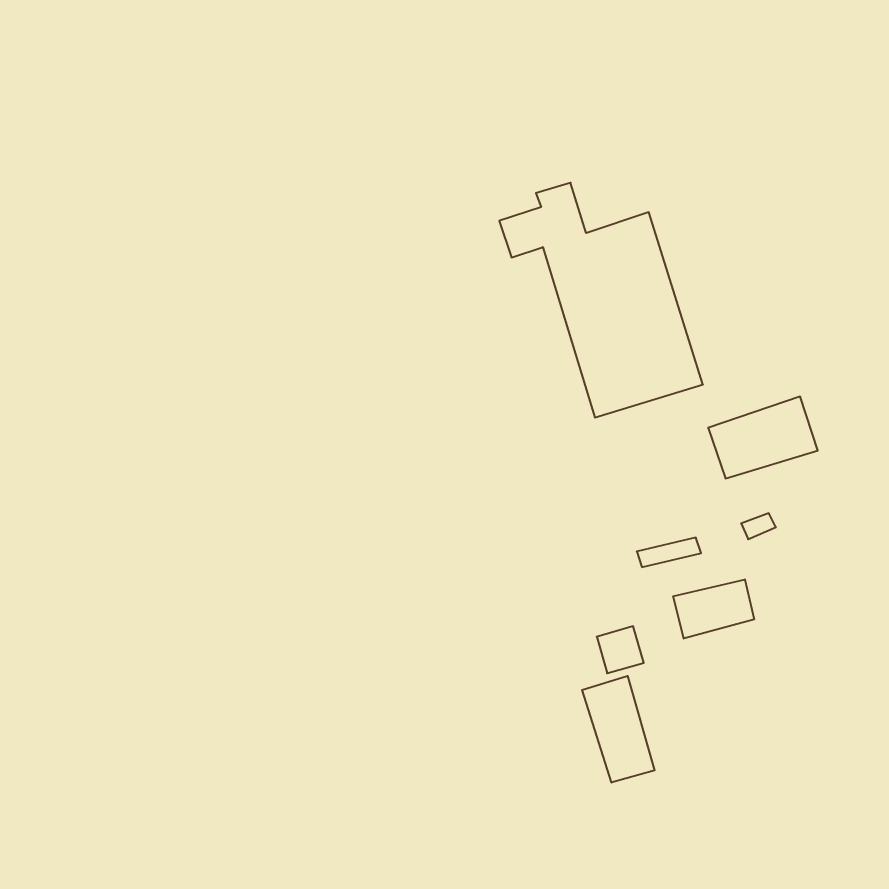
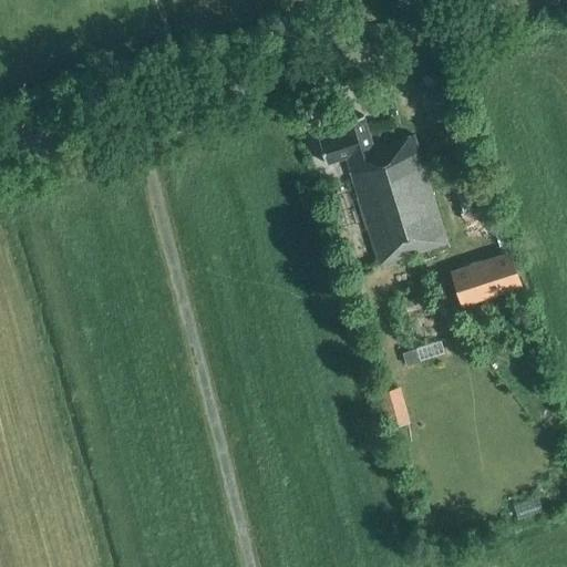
building: [673,579,754,639] -> none
building: [582,676,655,783] -> none

